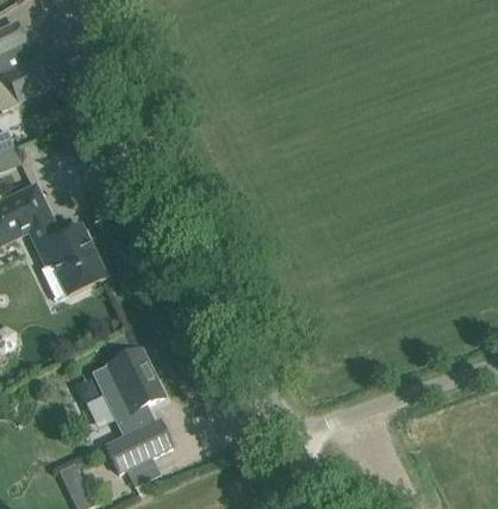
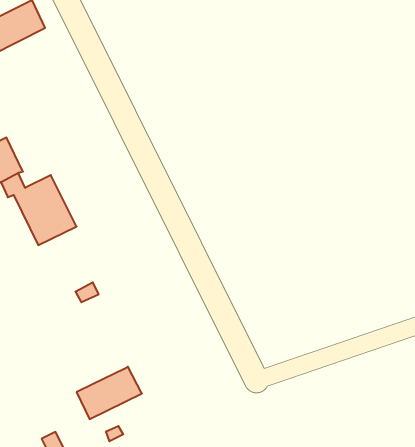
building: [91,348,163,436] -> none

